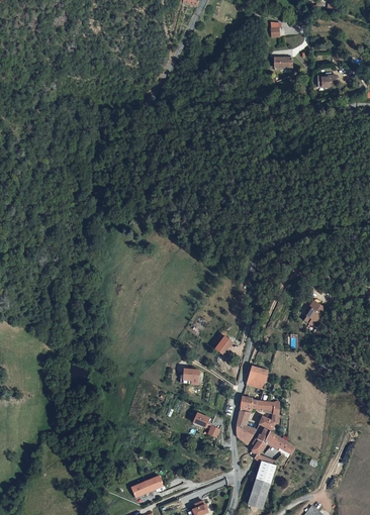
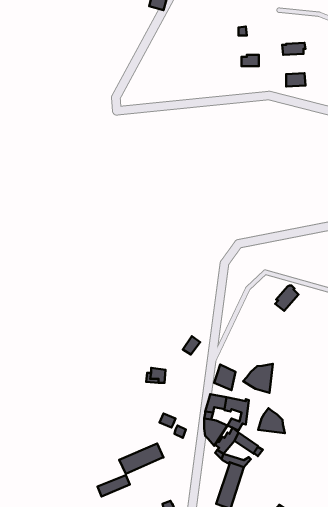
building: none -> [243,364,273,393]
building: none -> [258,408,285,433]
building: none -> [119,444,164,474]

